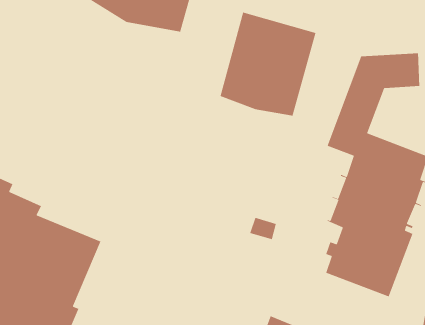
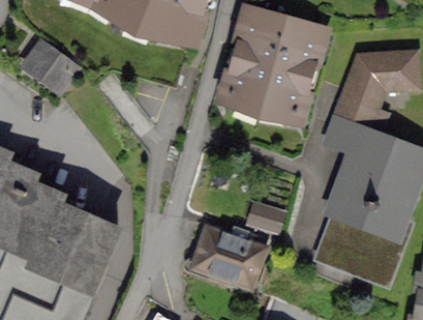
building: none -> [26,42,71,85]
building: none -> [190,224,263,286]

